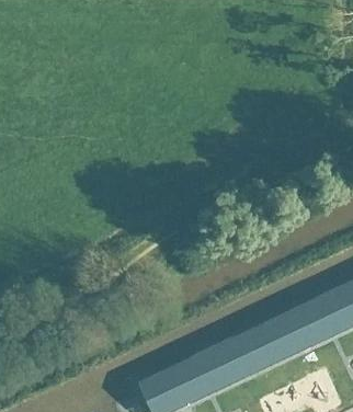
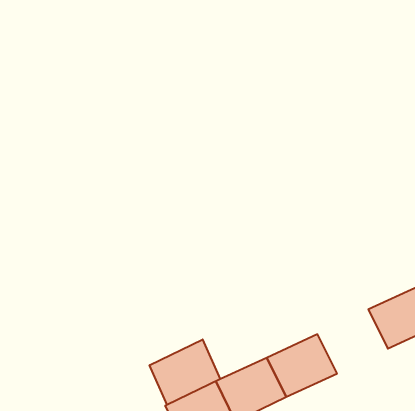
building: [267,302,327,356] -> none
building: none -> [150,339,220,405]

